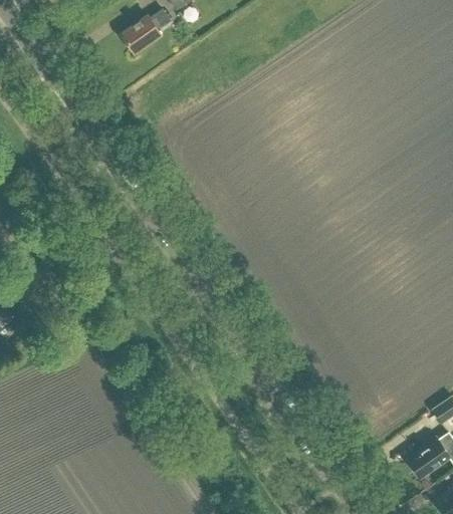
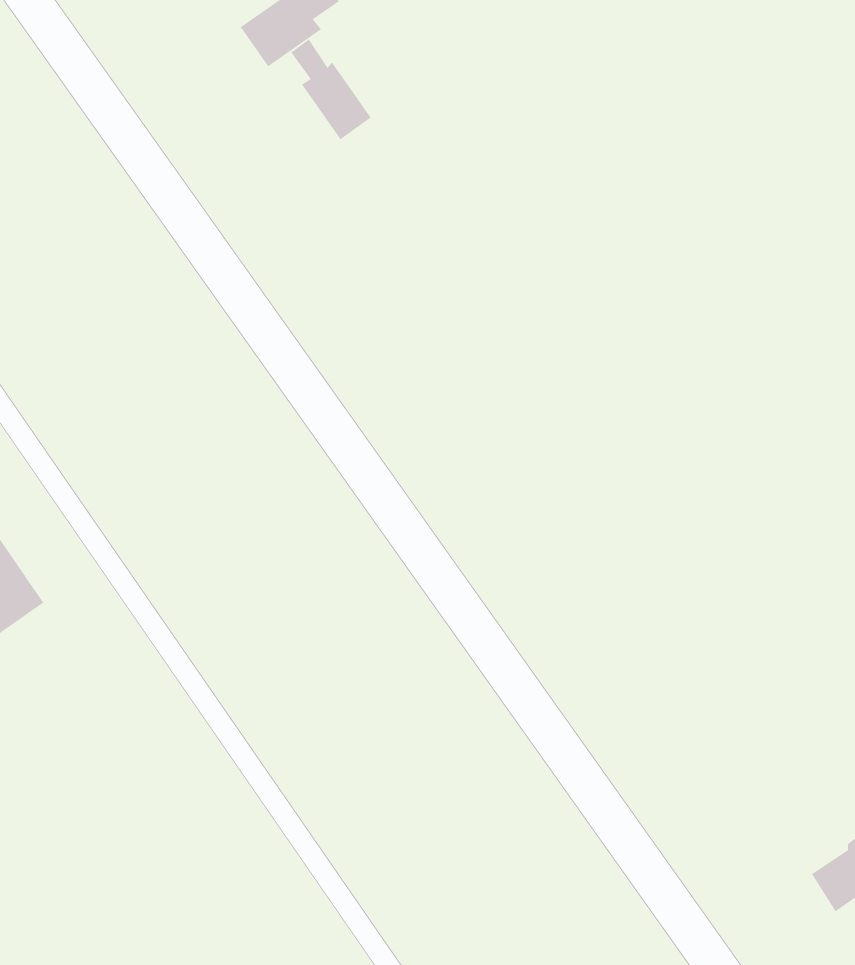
building: none -> [291,39,372,140]

